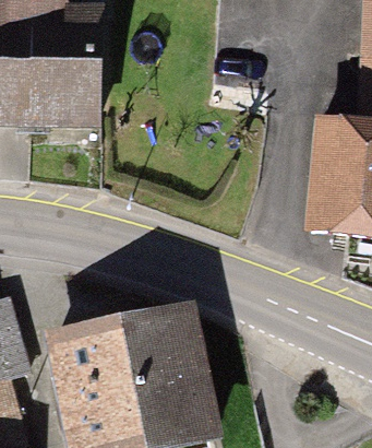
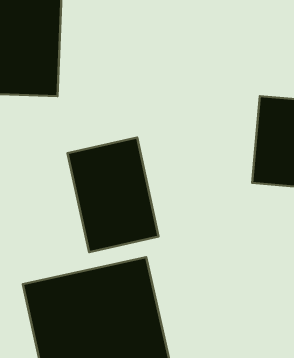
building: none -> [68,138,159,252]

